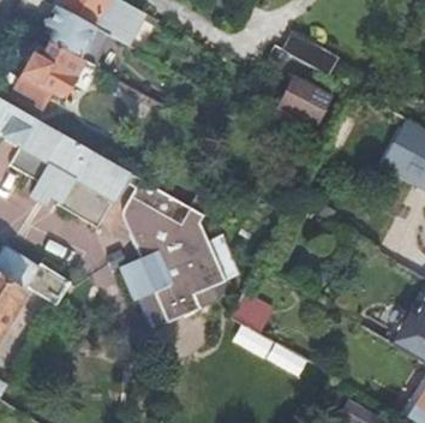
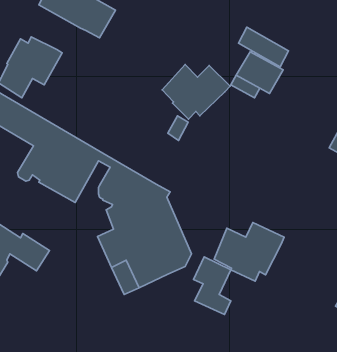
building: [47,6,110,65] -> none
building: none -> [162,65,230,119]
building: none -> [214,223,284,281]

